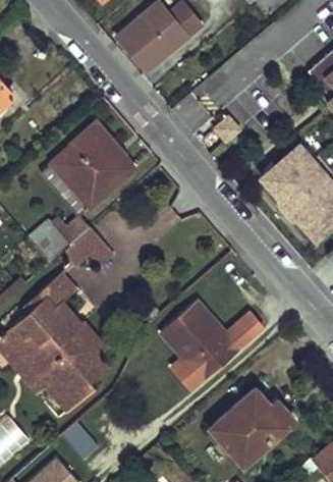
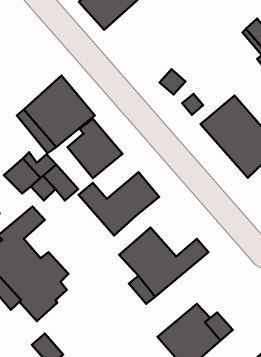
building: none -> [67,119,123,178]
building: none -> [79,172,159,235]

